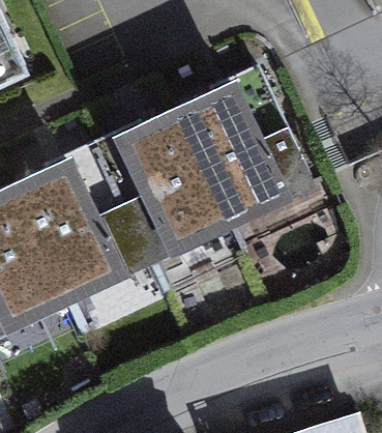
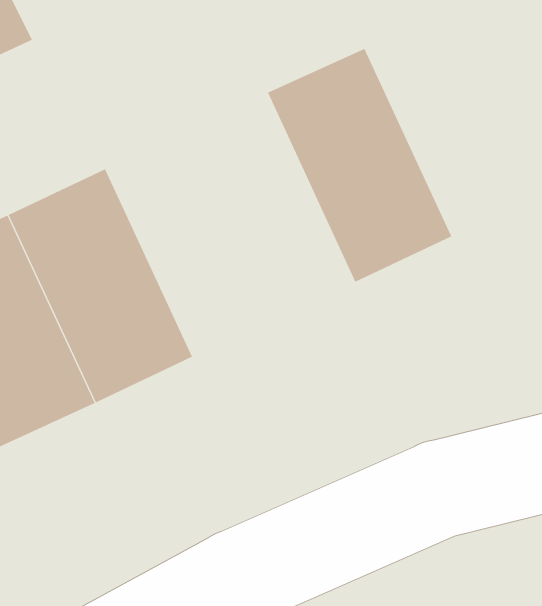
building: [116,103,232,250] -> none

